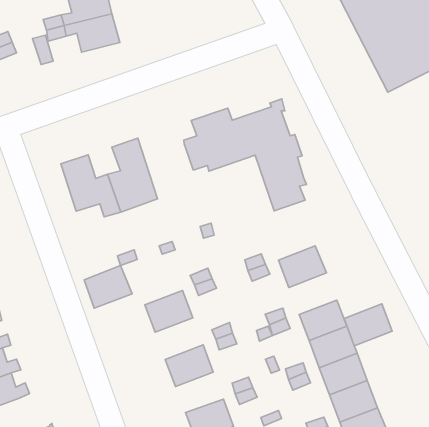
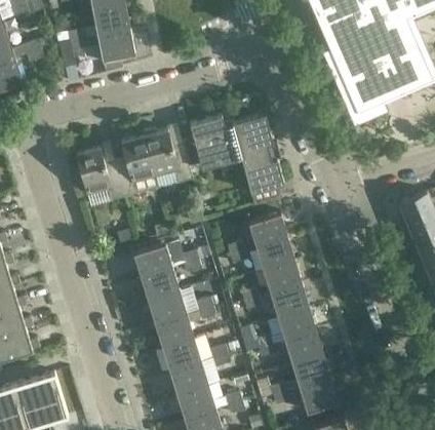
building: none -> [143,130,191,189]
building: none -> [247,212,287,247]
building: [84,265,132,308] -> [132,243,172,278]
building: [344,304,392,346] -> [263,261,303,295]
building: none -> [147,291,187,325]
building: none -> [161,339,201,372]

